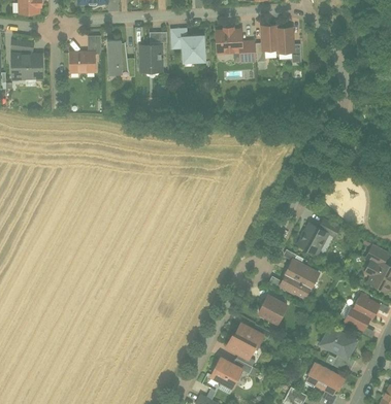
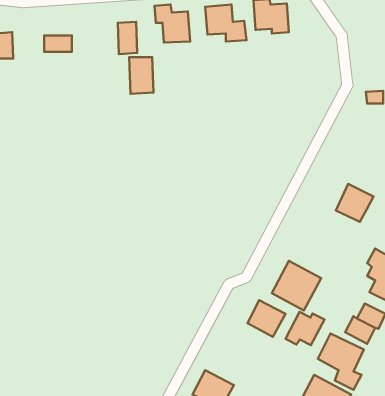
building: [104,40,126,73] -> [129,57,153,94]
building: [296,222,330,256] -> [336,184,374,222]
building: none -> [285,312,324,345]
building: [223,322,261,360] -> none

